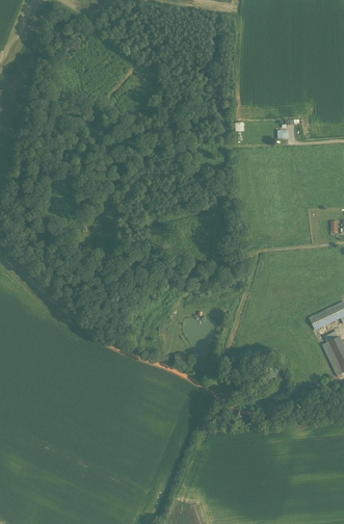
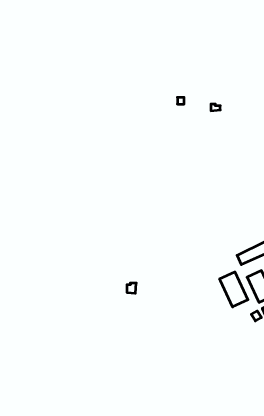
building: none -> [220,272,248,307]

